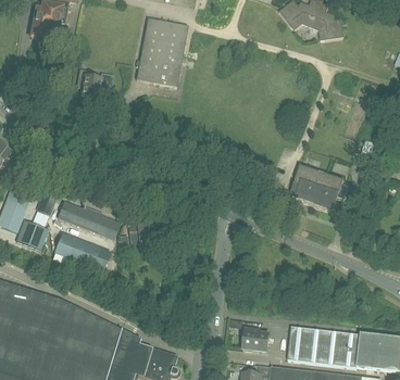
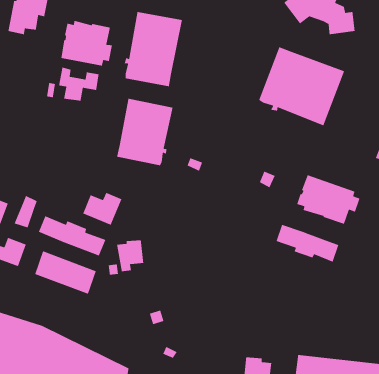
building: none -> [60,20,113,66]
building: none -> [258,46,345,126]
building: none -> [116,98,173,166]
building: none -> [82,192,122,226]
building: none -> [275,224,339,263]

